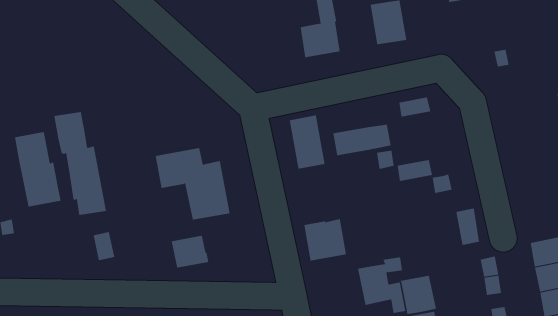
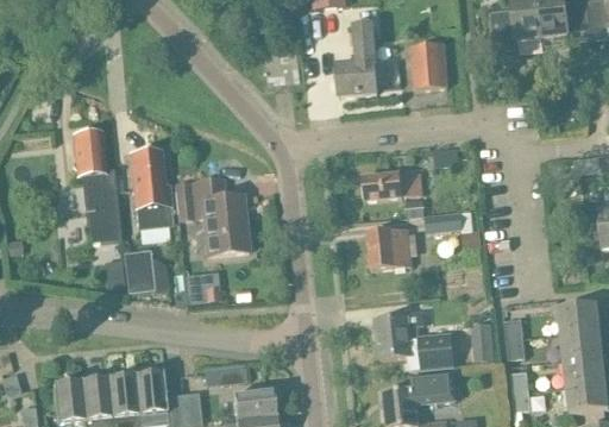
building: [289,115,325,170] -> none
building: [14,131,62,207] -> [130,151,174,228]
building: [456,208,480,246] -> [471,322,494,360]
building: [303,219,347,261] -> [368,227,410,269]
building: none -> [125,251,155,291]

